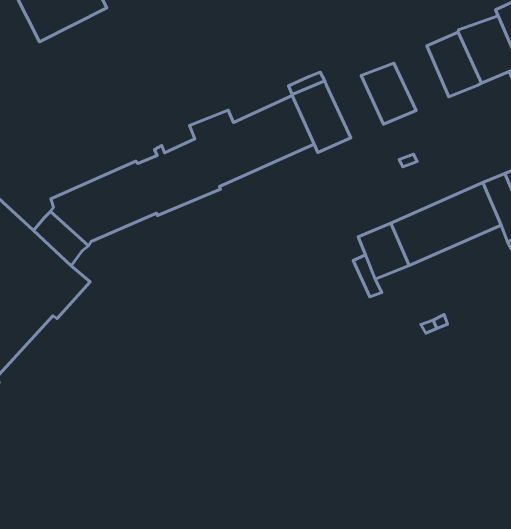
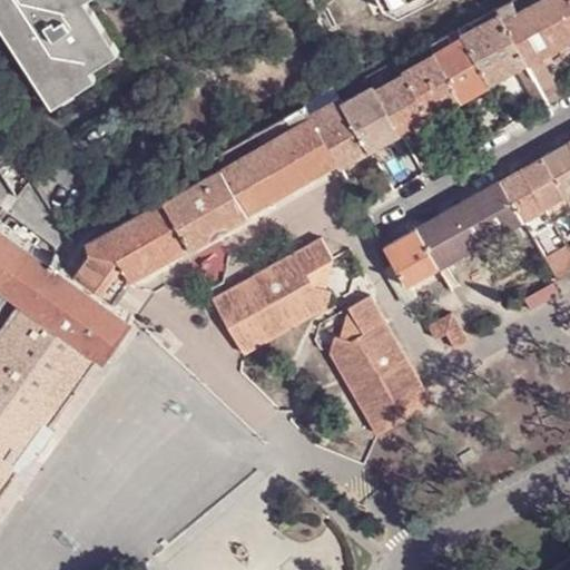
building: none -> [399,57,456,120]
building: none -> [337,89,396,154]
building: none -> [213,238,331,355]
building: none -> [327,295,429,432]

